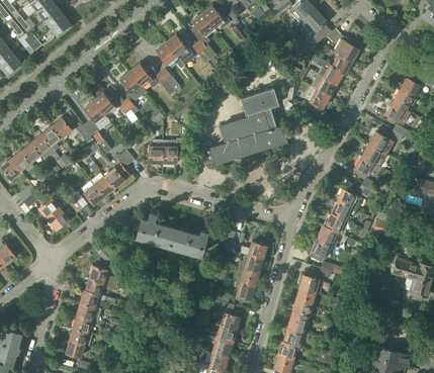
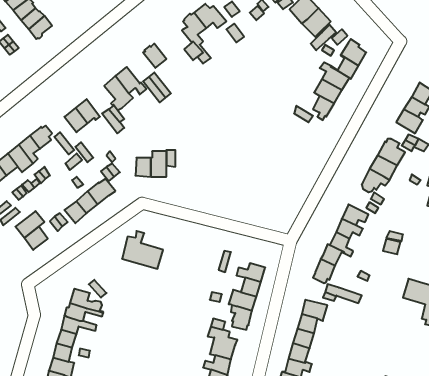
building: [166,33,196,65] -> none
building: [201,87,286,164] -> none
building: [169,229,208,256] -> none

